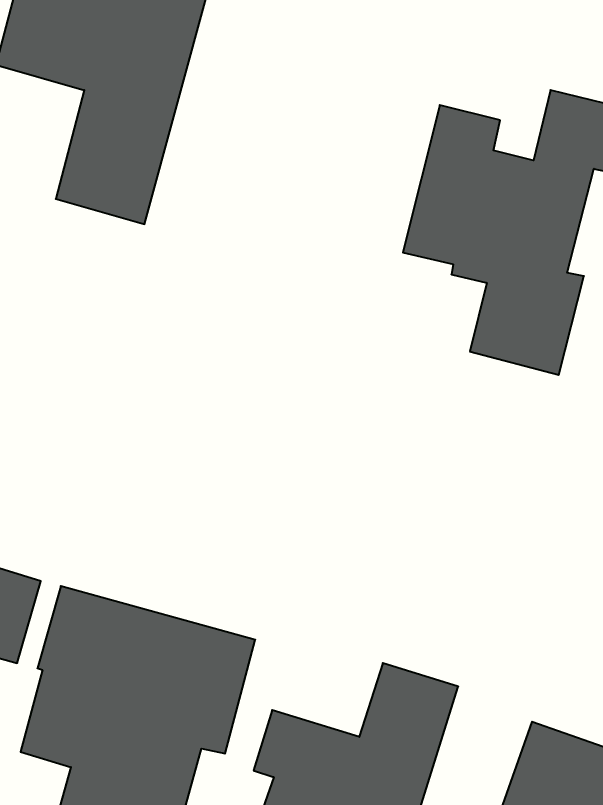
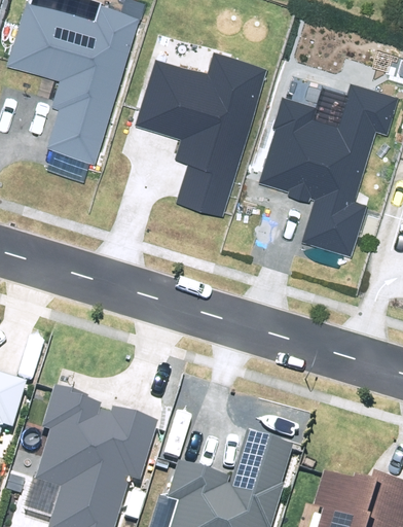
building: none -> [135,50,267,209]

